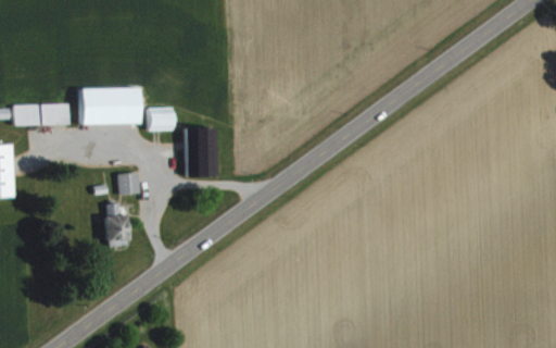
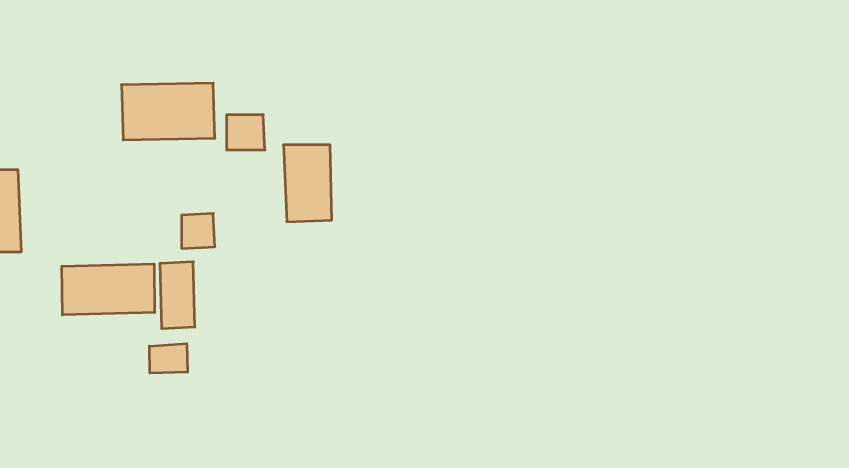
building: [13,103,68,125] -> none
building: none -> [62,264,155,315]
building: none -> [149,344,188,373]

